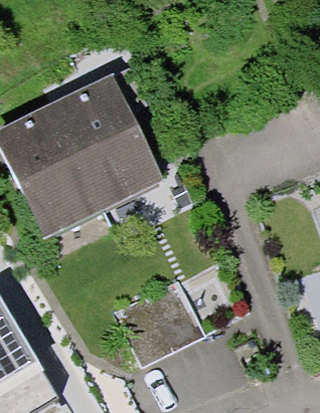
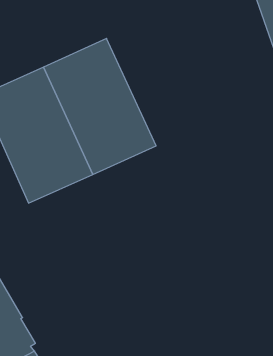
building: [108,272,204,367] -> none

